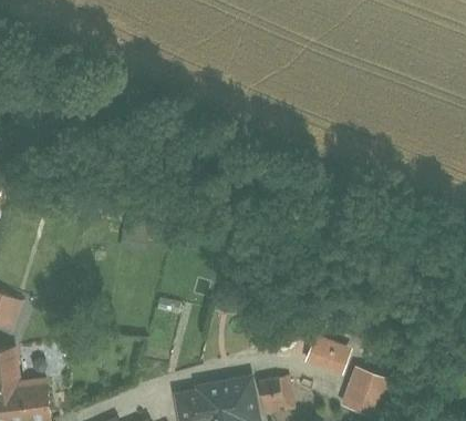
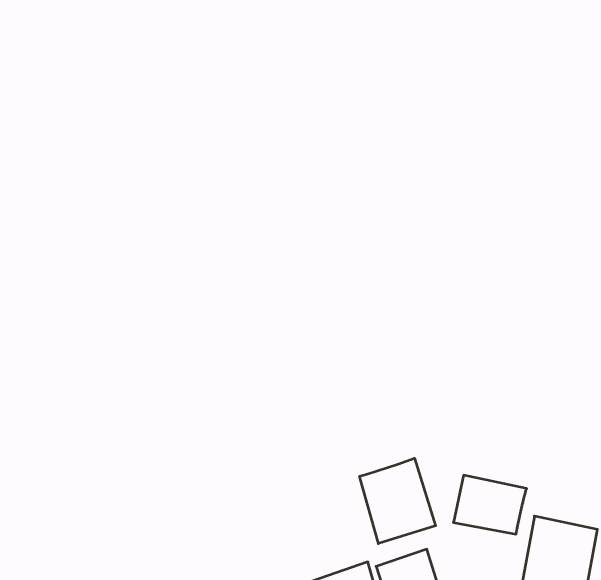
building: none -> [360,458,436,544]

